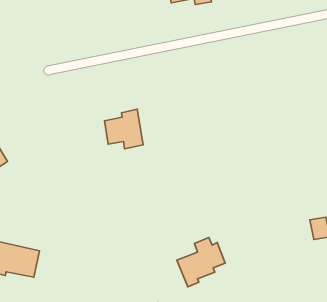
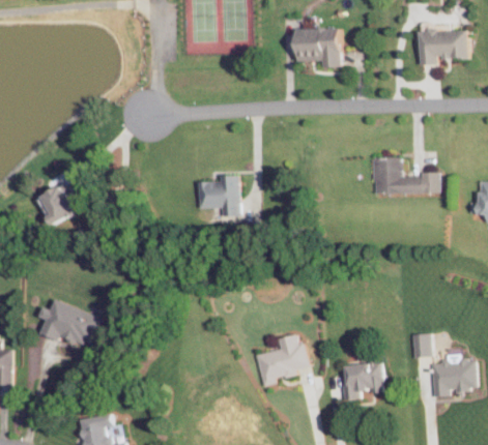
building: none -> [371,157,439,196]
building: none -> [341,361,383,399]

